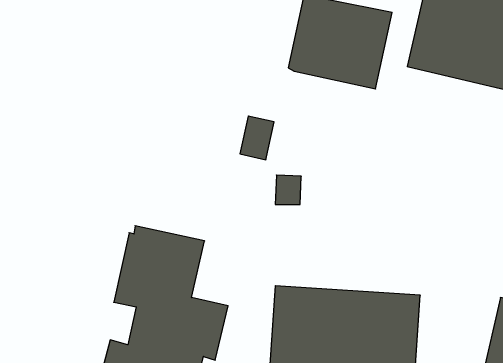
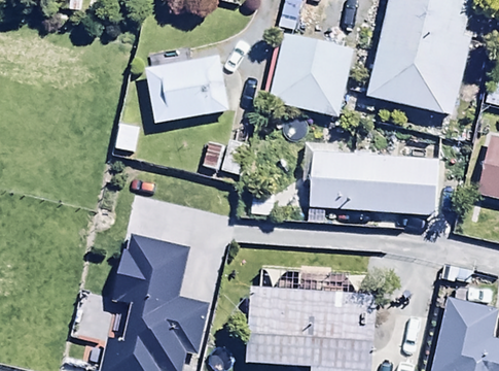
building: none -> [145,59,228,124]
building: none -> [300,131,439,216]

